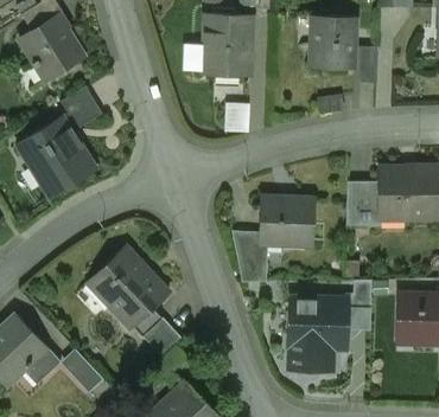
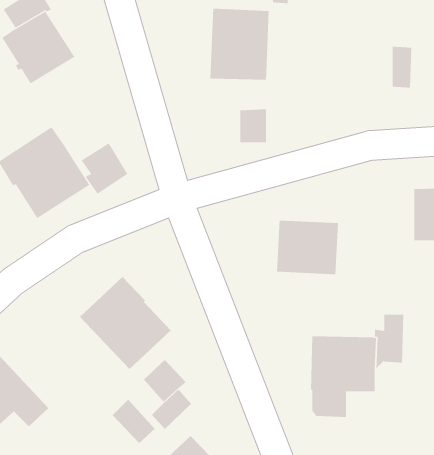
building: [310,15,355,69] -> none
building: [59,86,101,131] -> [81,143,128,194]
building: [345,190,378,226] -> none
building: [231,231,266,282] -> none
building: [64,353,102,392] -> [112,399,155,444]

